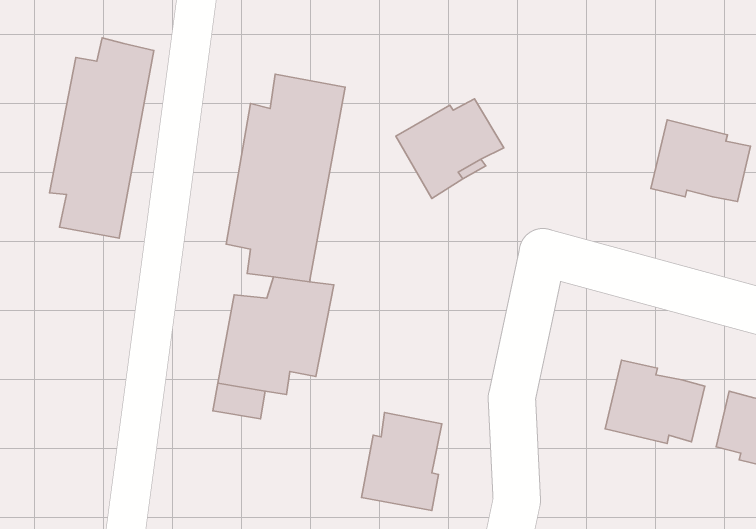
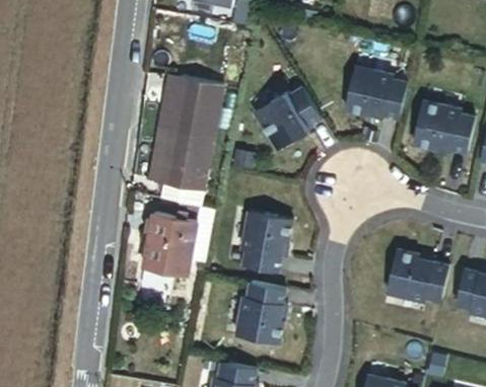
building: [50,38,154,238] -> none
building: none -> [346,67,409,119]
building: none -> [236,211,286,272]

